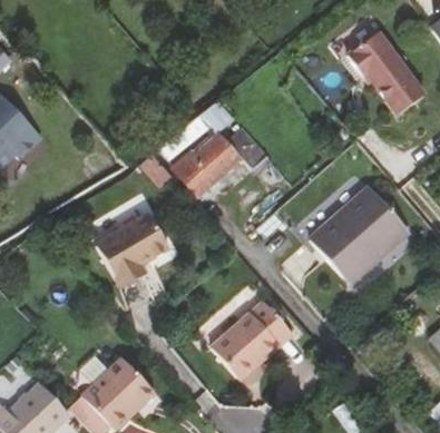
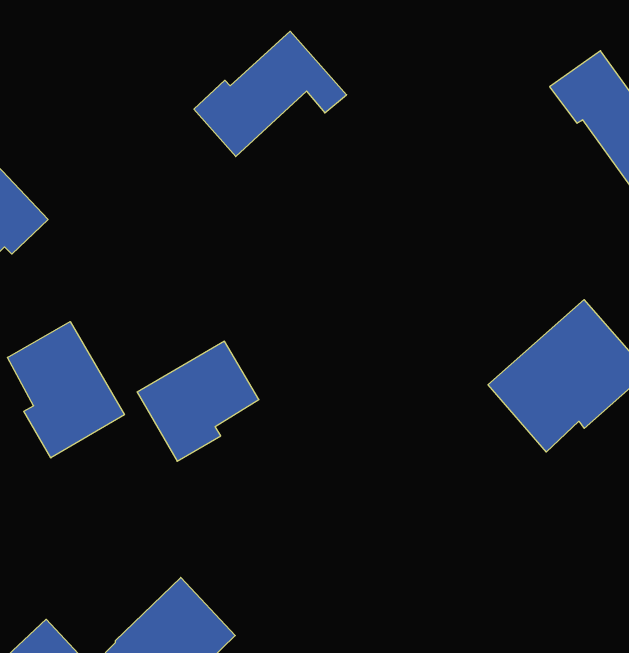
building: [173,119,266,196] -> [194,31,347,157]
building: none -> [7,322,124,458]
building: [209,299,293,382] -> none

